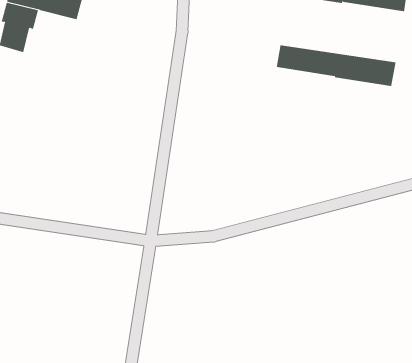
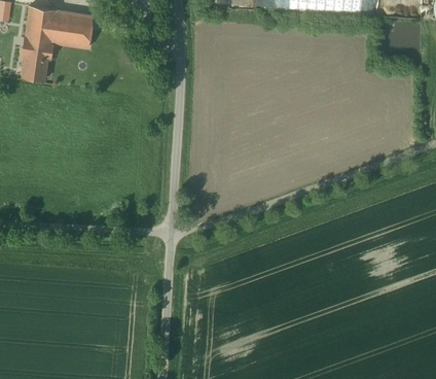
building: [276,44,396,87] -> none

